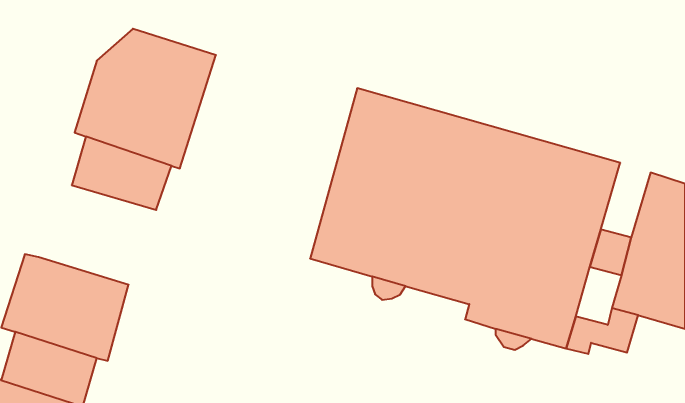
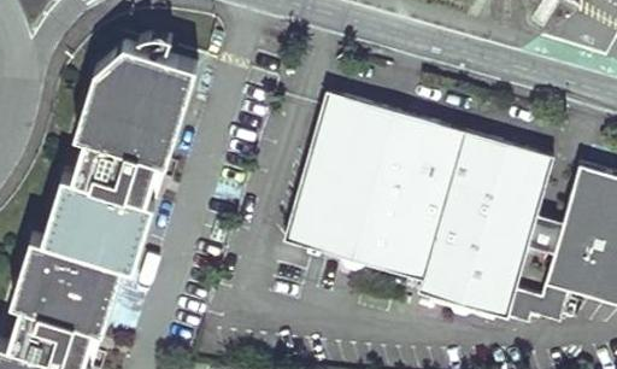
building: none -> [47,172,158,265]

